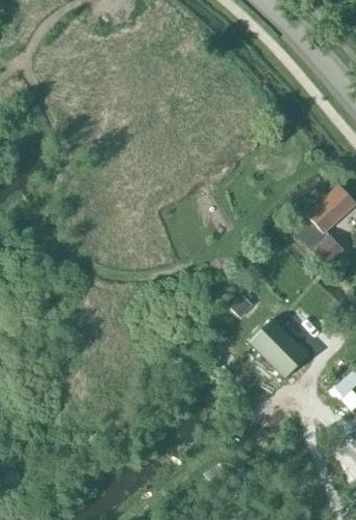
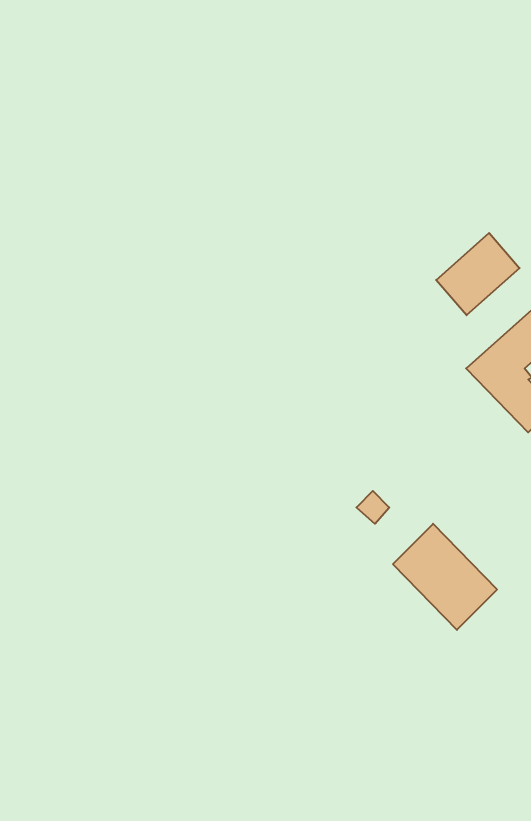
building: none -> [436,233,520,315]

